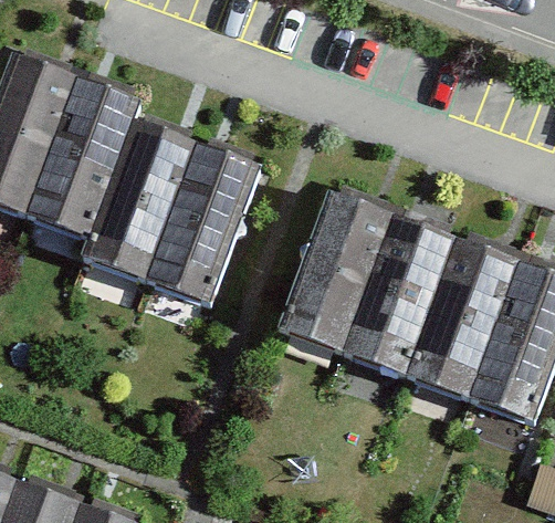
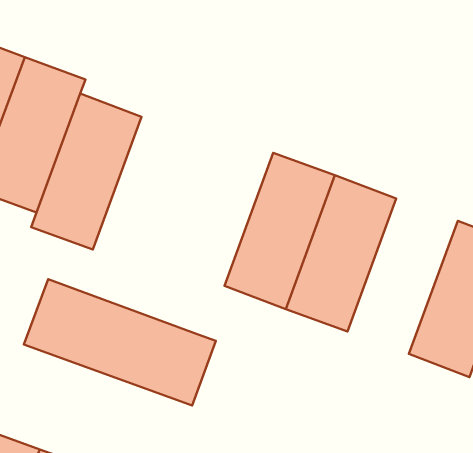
building: [142,151,256,313] -> none
building: [407,237,522,398] -> none
building: none -> [24,279,216,405]

